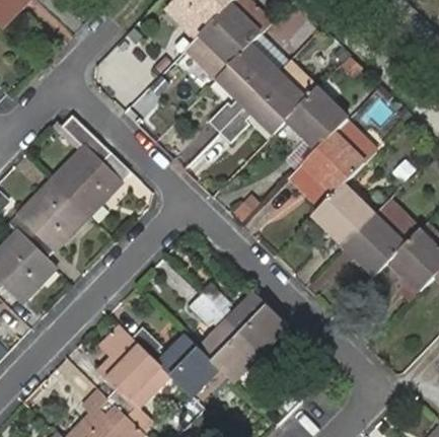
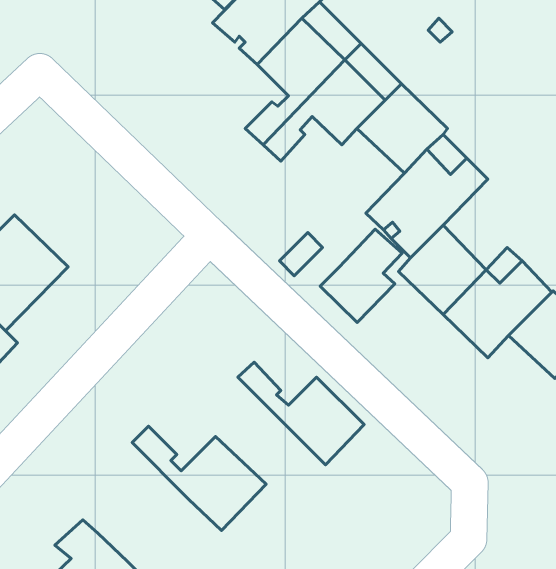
building: [51,116,131,216] -> none
building: none -> [320,229,402,322]
building: [191,291,263,377] -> none
building: [97,324,169,417] -> none

